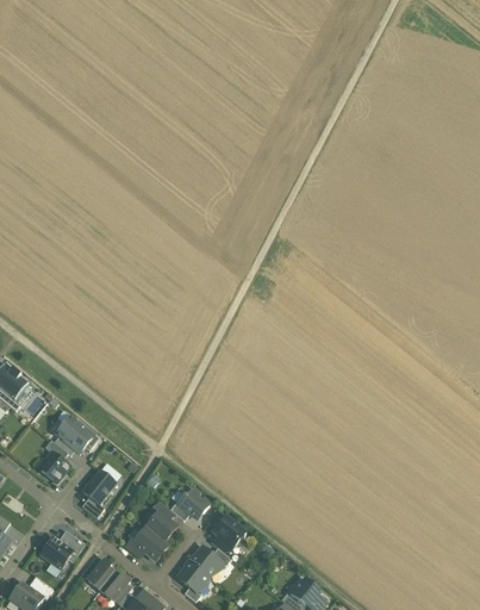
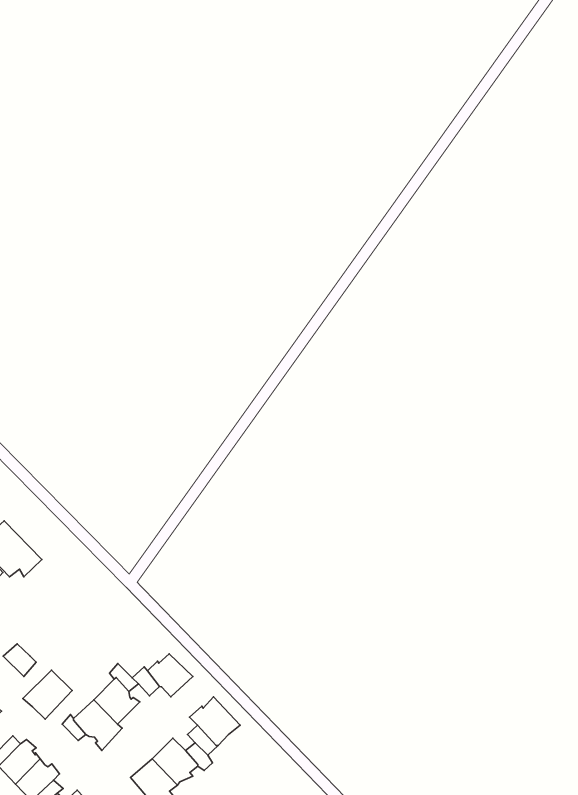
building: [81,471,113,504] -> [23,670,72,719]

